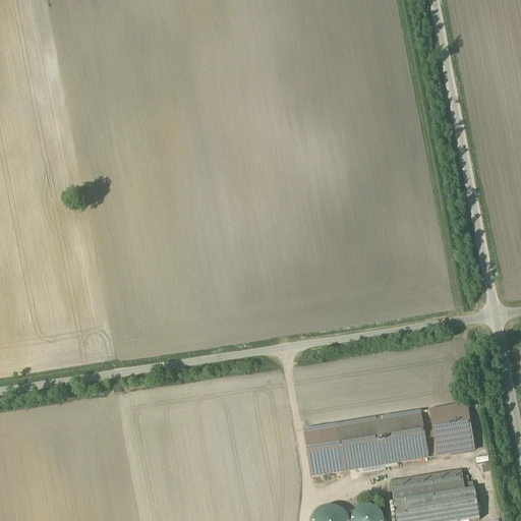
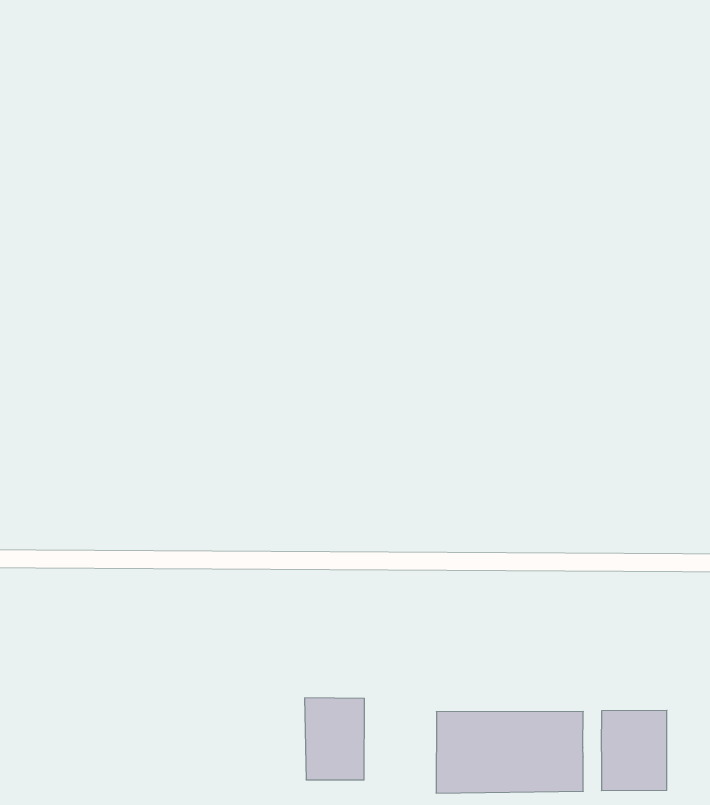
building: [304,424,345,475] -> [305,698,364,780]

